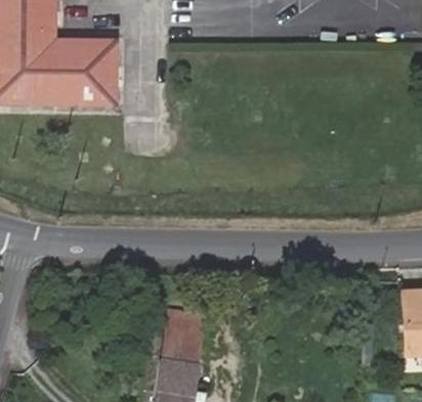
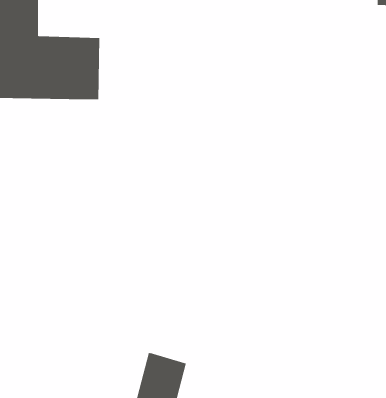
building: [163,308,210,365] -> none

